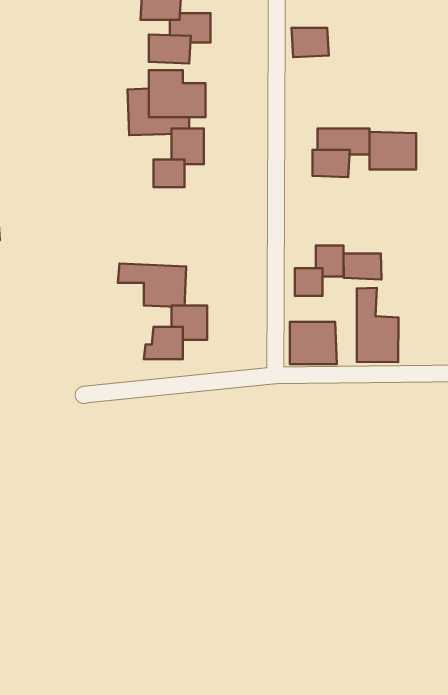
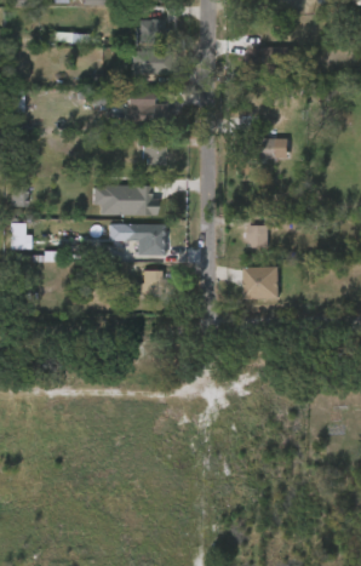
building: [369,132,416,170] -> none
building: none -> [90,187,153,216]
building: [343,254,381,279] -> none
building: [357,288,398,362] -> none

